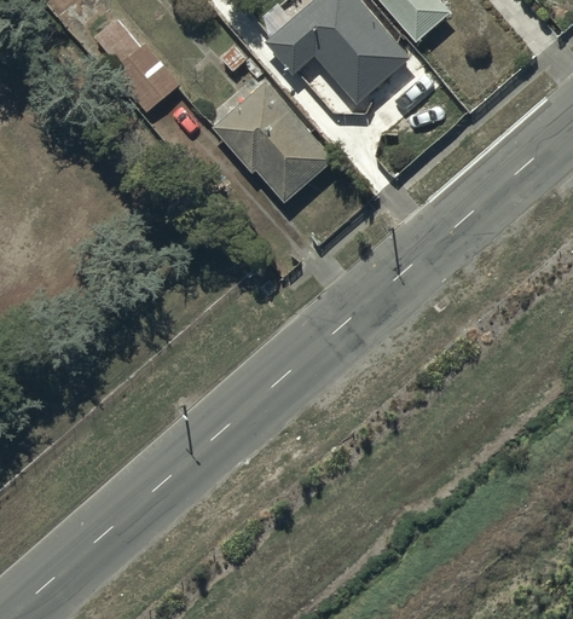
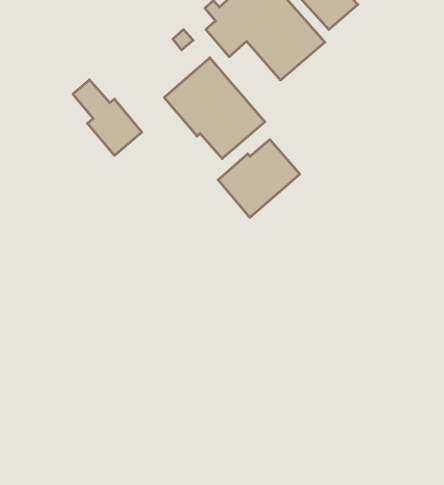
building: [94,17,180,111] -> [73,80,142,155]
building: none -> [218,140,300,217]

